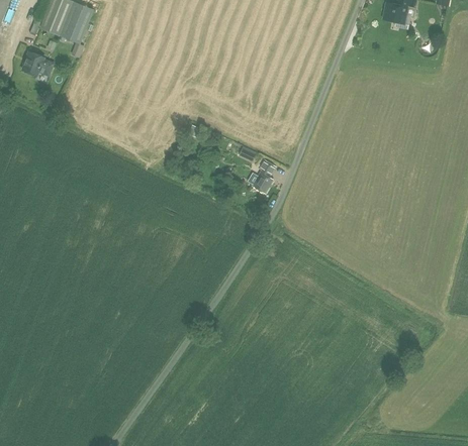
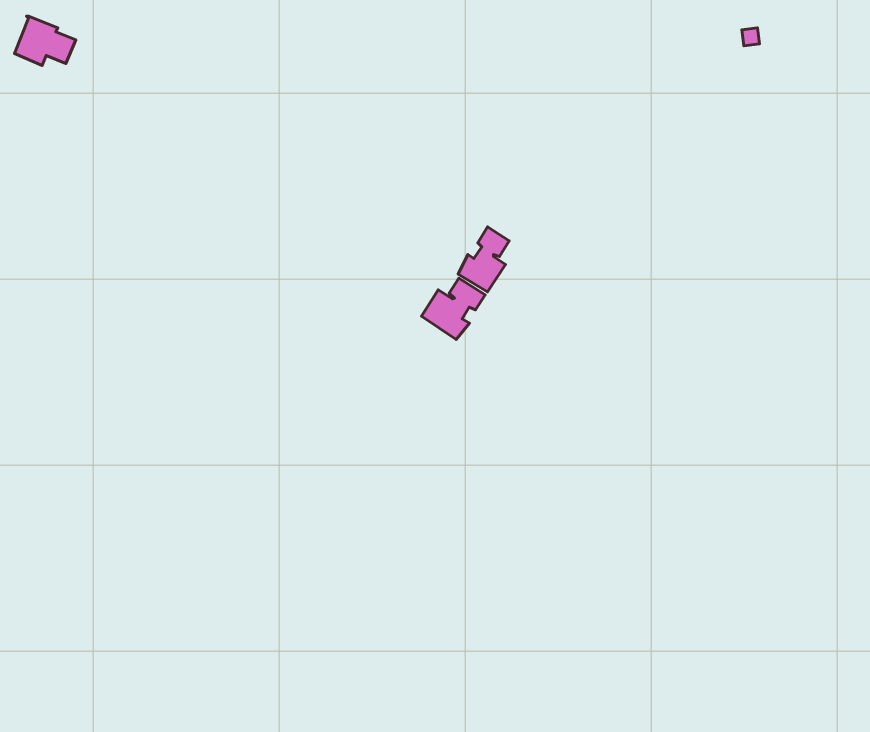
building: none -> [421,278,485,339]

